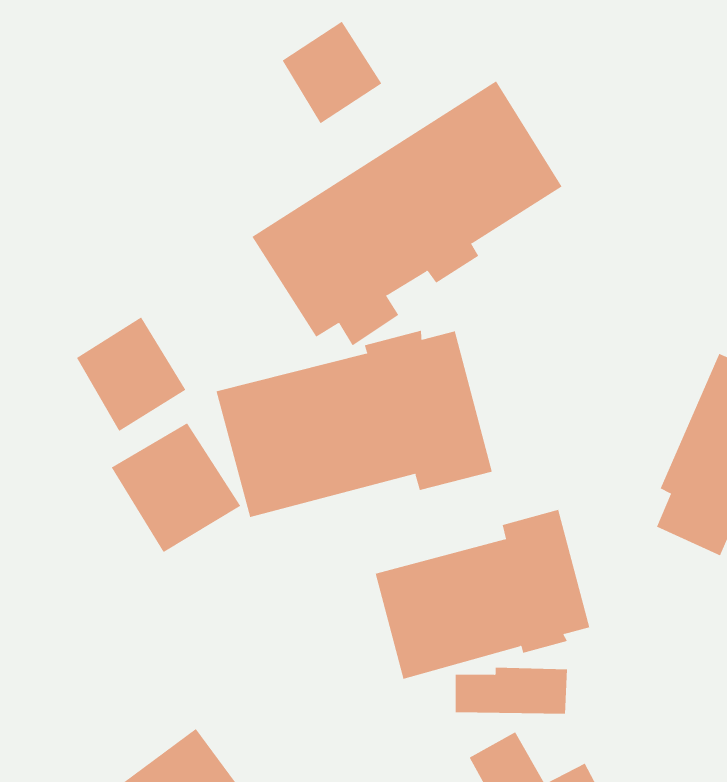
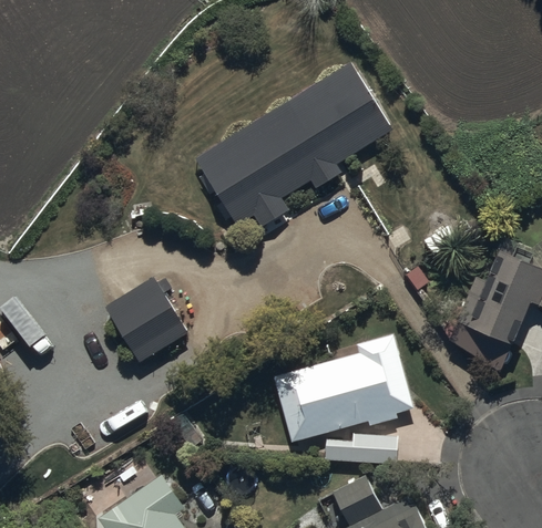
building: [282,21,382,124] -> none
building: [76,316,186,432] -> none
building: [216,330,493,518] -> none

